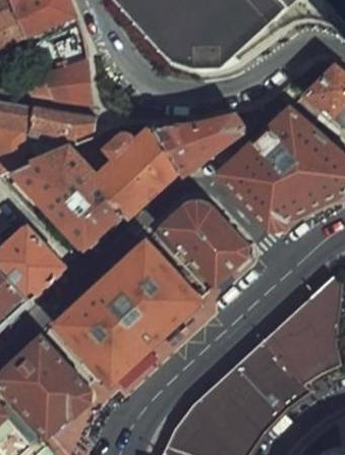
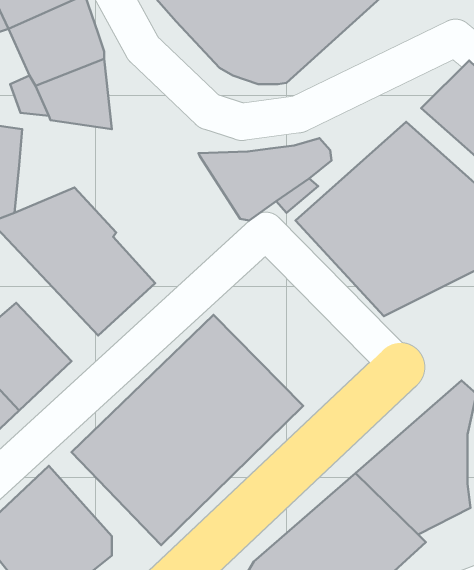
building: [27,109,92,138] -> none
building: [92,127,178,218] -> none
building: [160,205,261,297] -> none

